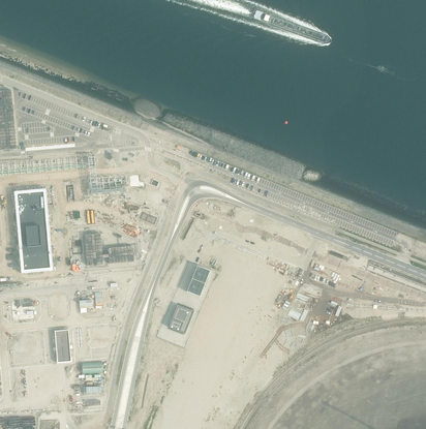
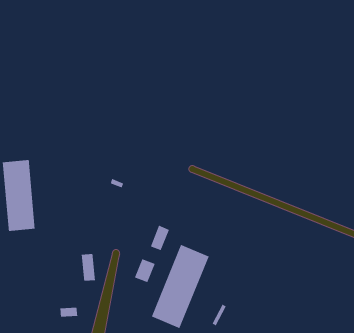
building: none -> [151,244,210,329]
building: [53,329,70,362] -> [81,253,96,282]

